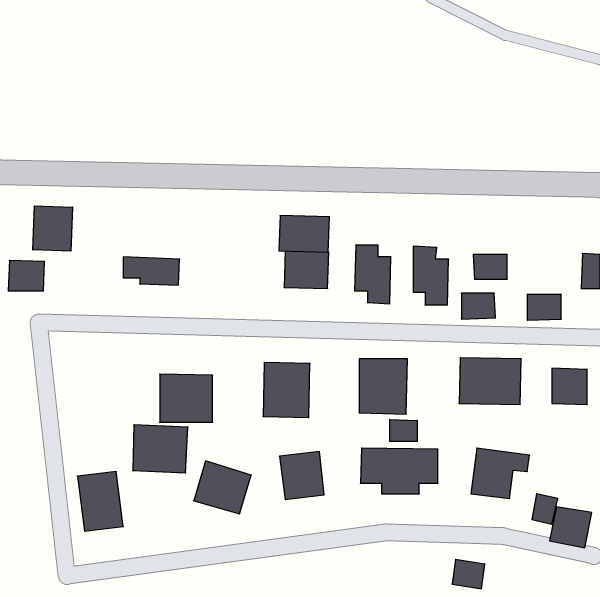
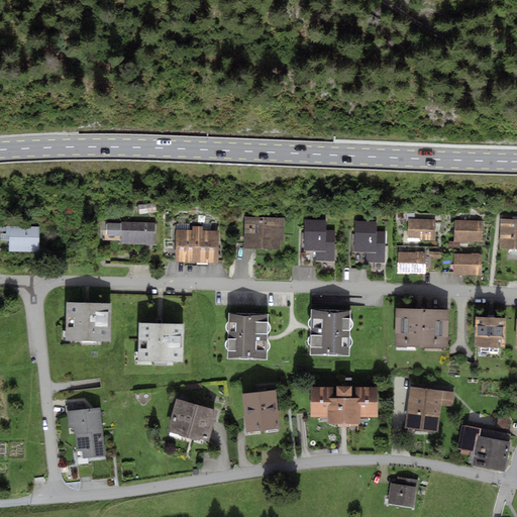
building: [33,206,72,251] -> none
building: [279,216,329,252] -> [174,230,217,262]
building: none -> [454,220,483,242]
building: [390,419,417,441] -> none
building: [133,425,188,473] -> [64,301,111,342]

